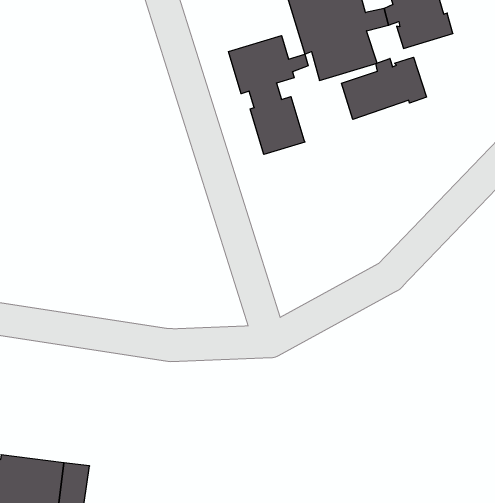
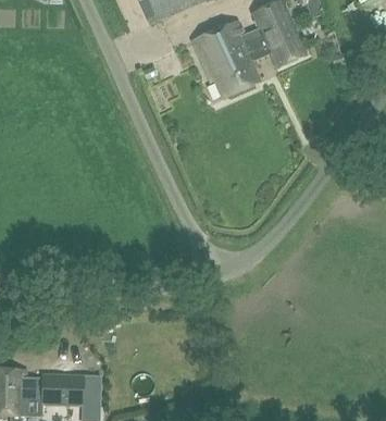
building: [228,36,308,154] -> none
building: [341,57,427,119] -> none

